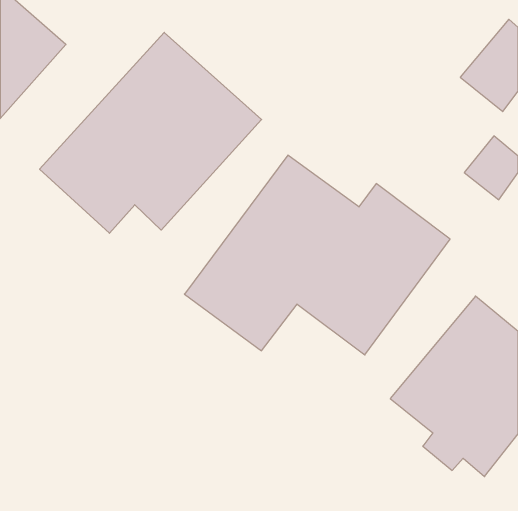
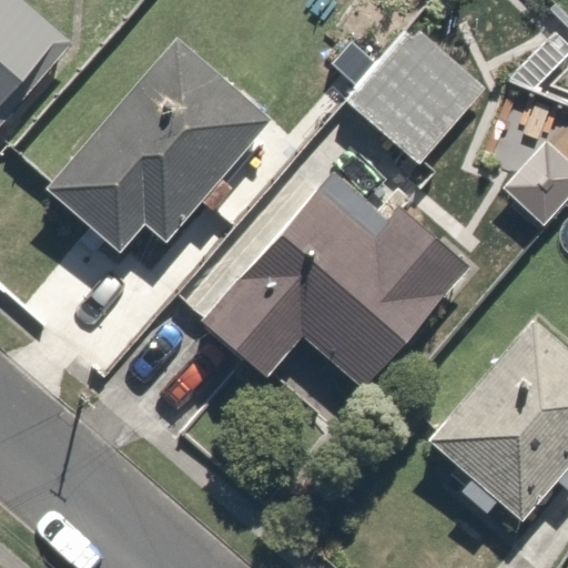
building: none -> [336,19,497,178]

